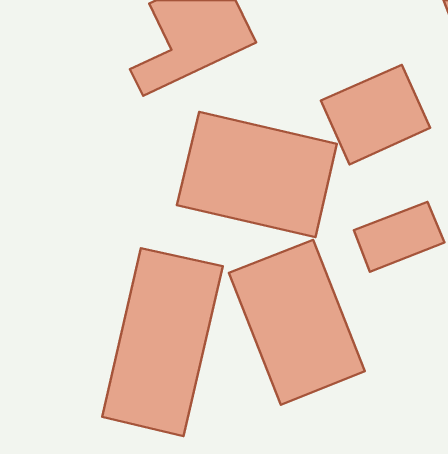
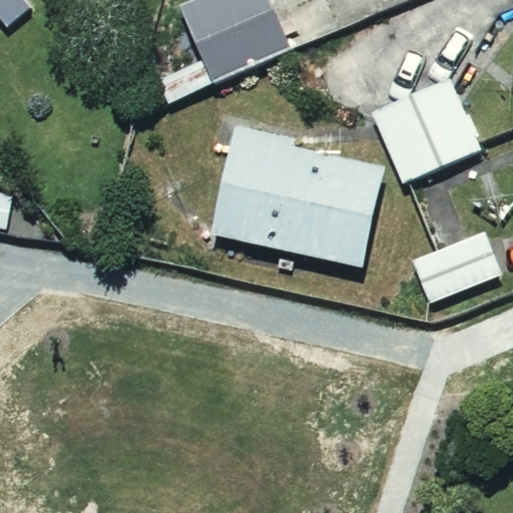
building: [229,240,365,405] -> none
building: [102,248,223,436] -> none

